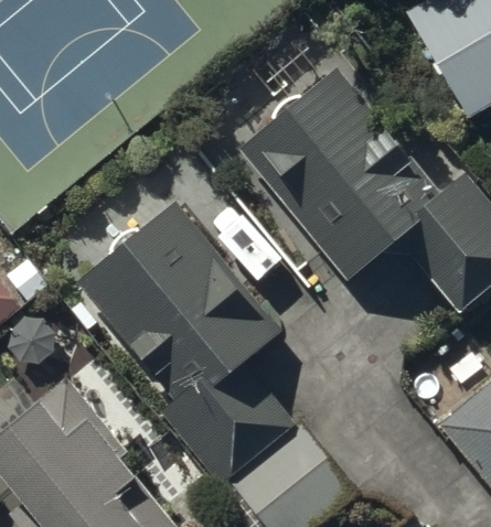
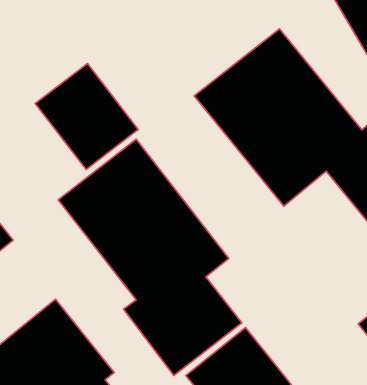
building: none -> [35,64,138,169]

